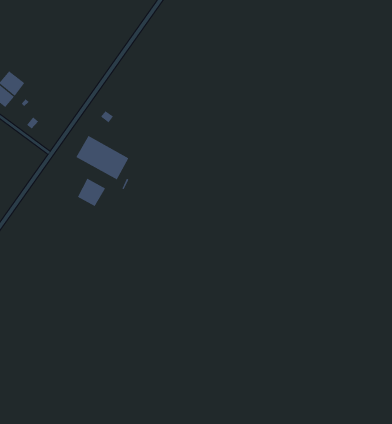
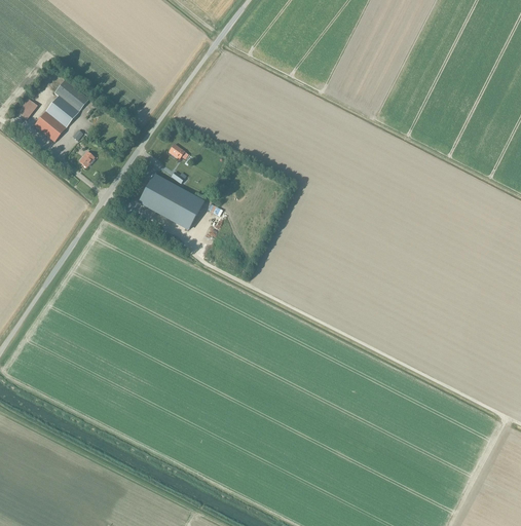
building: none -> [54,79,88,111]
building: [77,178,106,207] -> none

